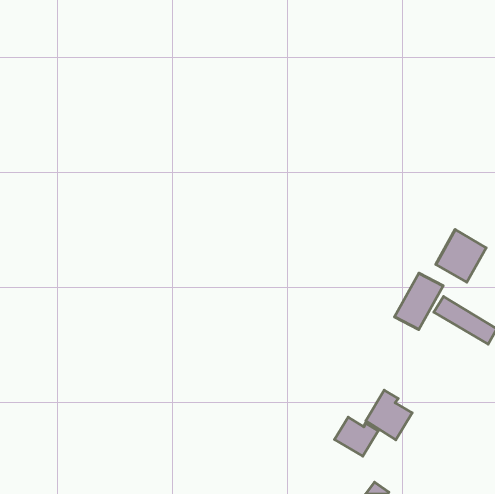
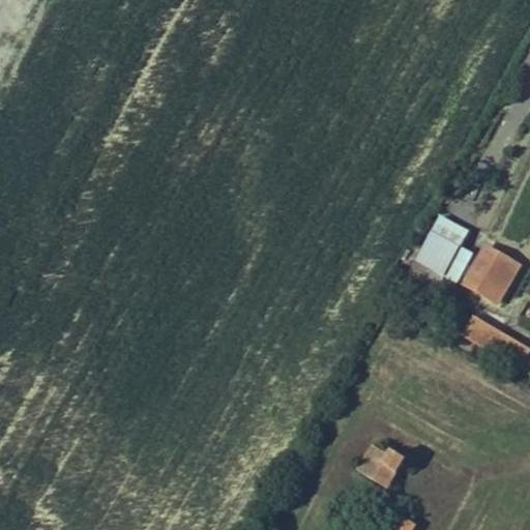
building: [395,273,443,329] -> [412,224,464,284]
building: [366,390,412,440] -> none

